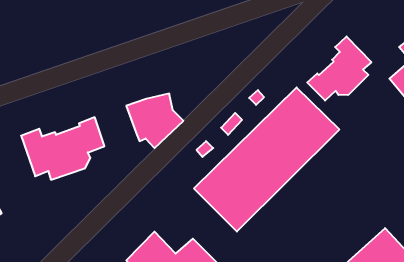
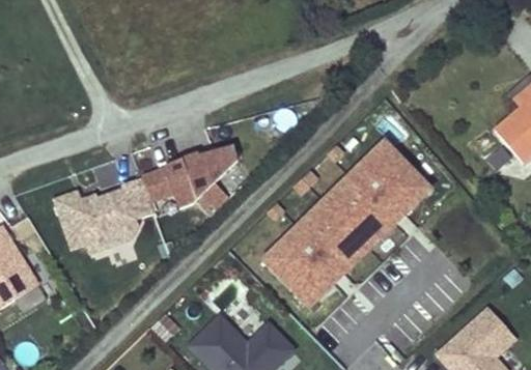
building: [307,36,371,101] -> none
building: none -> [145,161,198,208]

